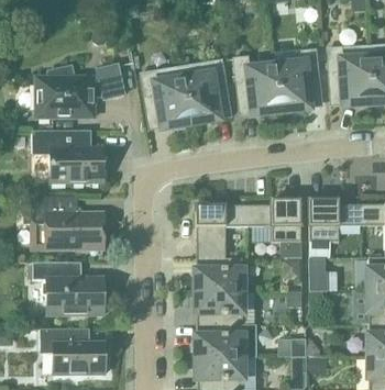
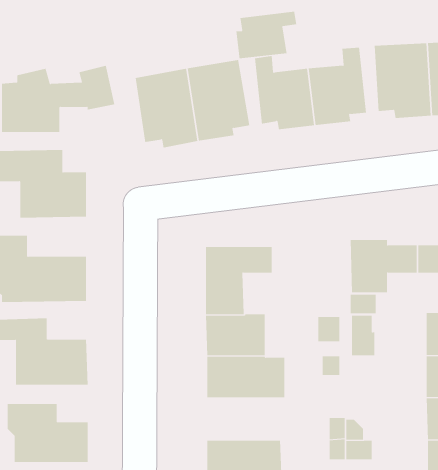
building: none -> [236,11,297,59]
building: [249,200,303,258] -> none
building: [197,324,259,357] -> none

